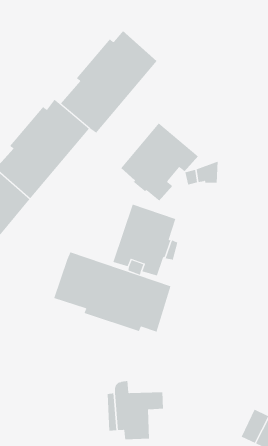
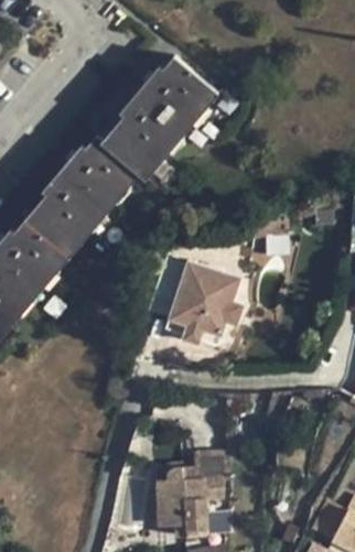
building: [121,122,199,202] -> none
building: [53,252,171,333] -> none
building: none -> [183,453,228,483]

